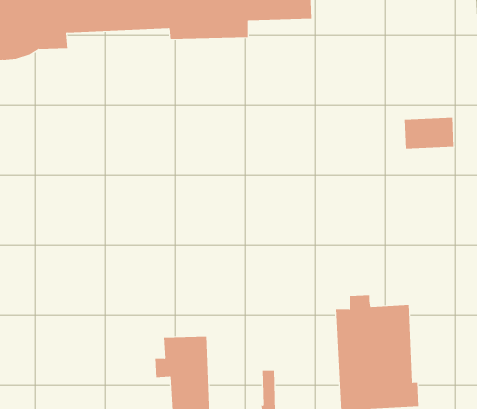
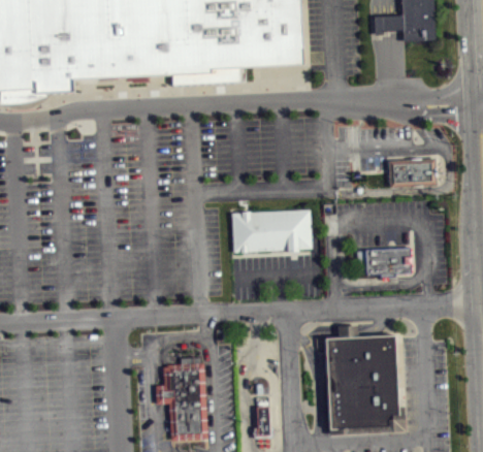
building: none -> [231,207,312,251]
building: none -> [356,247,412,278]

